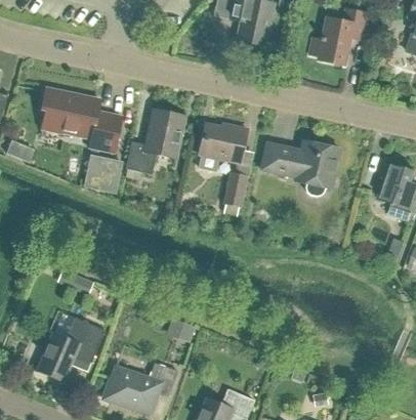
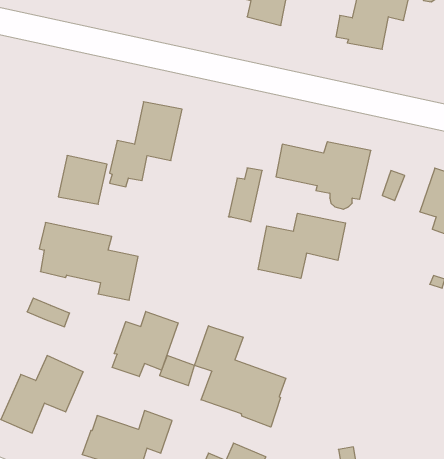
building: [40,89,121,153] -> [39,223,138,300]
building: [198,124,246,171] -> none
building: none -> [258,213,346,278]
building: none -> [112,311,178,377]
building: none -> [195,326,286,427]

